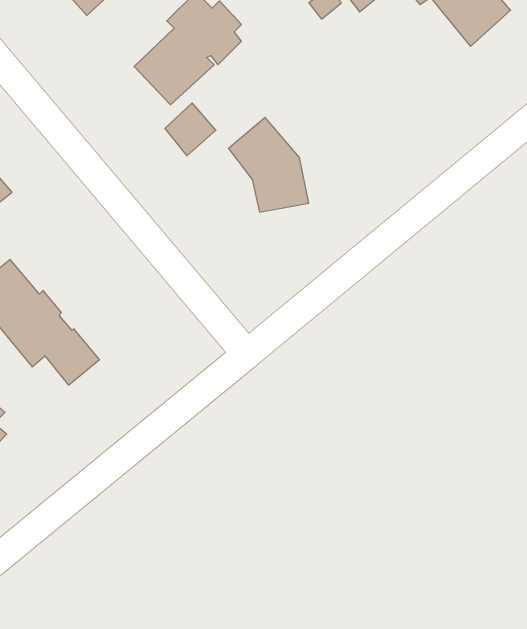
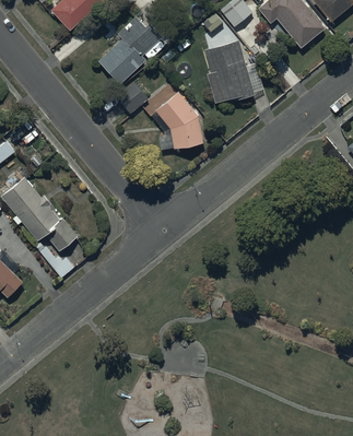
building: none -> [204,39,262,102]

